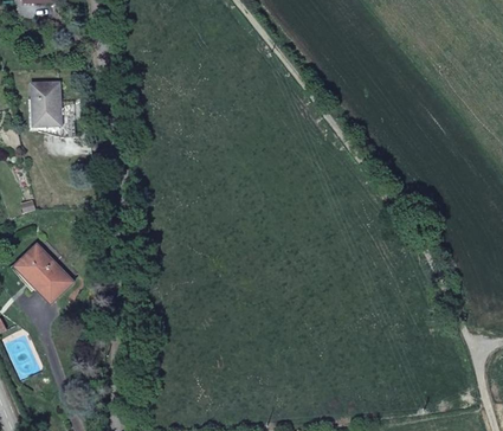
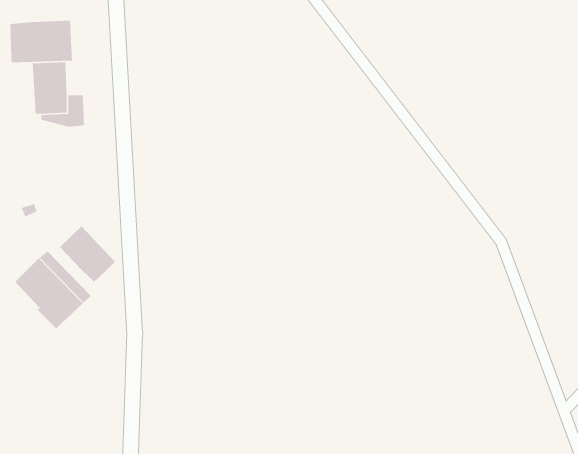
building: none -> [9,20,73,63]
building: none -> [59,225,116,282]

